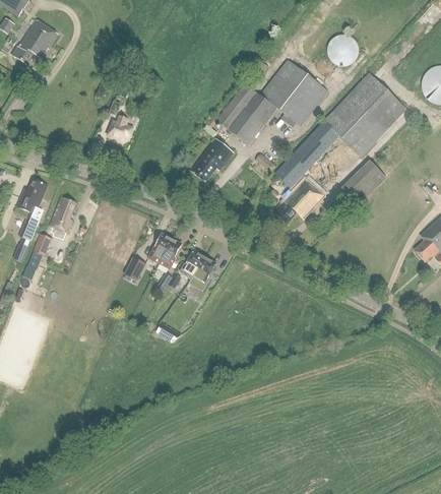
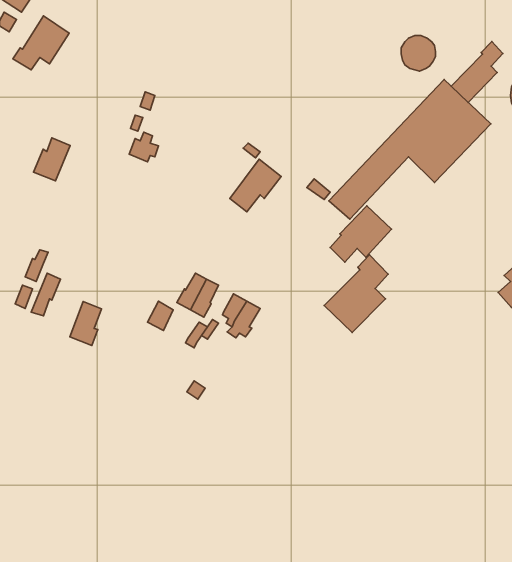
building: none -> [451,41,503,102]
building: [215,59,328,145] -> none
building: [339,160,387,206] -> none
building: [17,178,48,213] -> [33,138,70,181]
building: [50,196,76,233] -> [70,301,102,346]
building: none -> [324,255,388,332]

